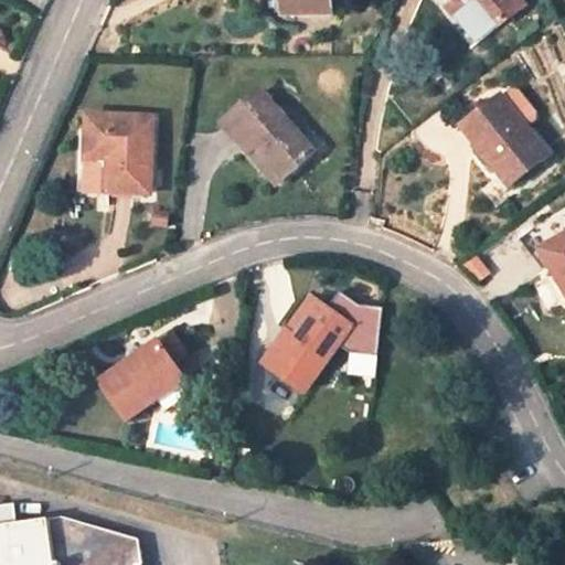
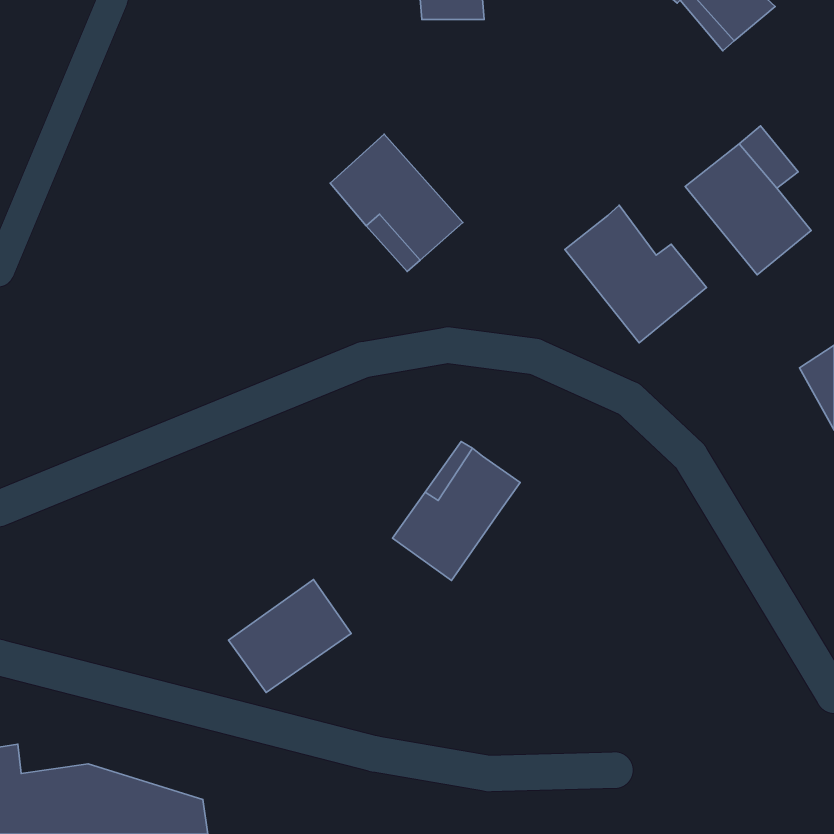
building: [76,115,151,193] -> none
building: none -> [565,205,706,343]
building: [326,290,382,355] -> none
building: [102,342,184,418] -> [229,580,351,692]

